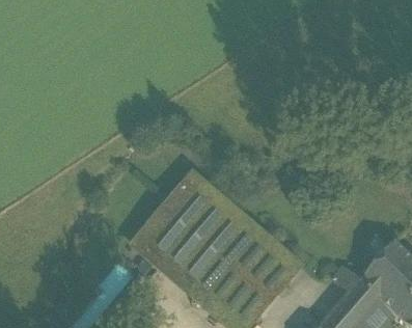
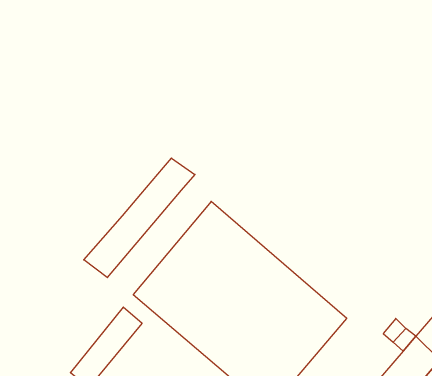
building: none -> [84,158,195,278]

